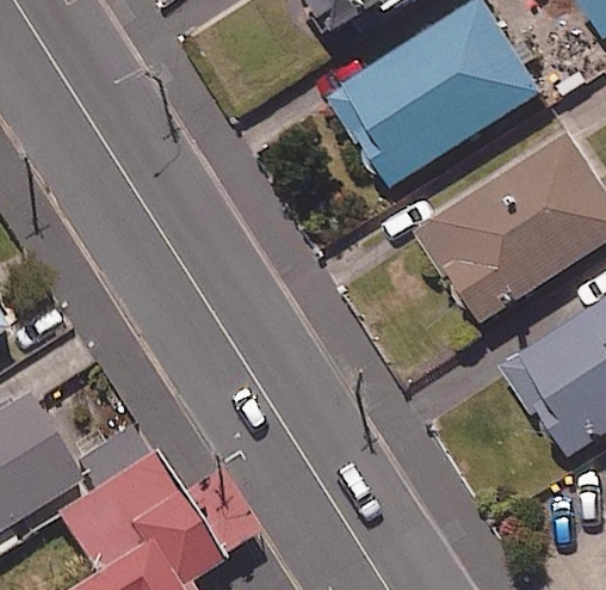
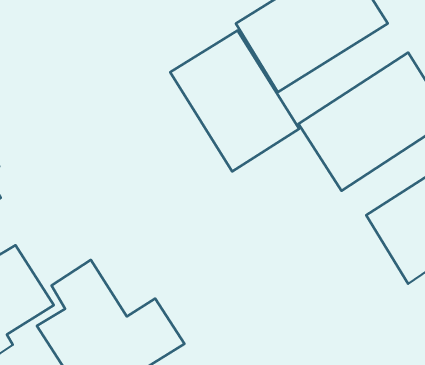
building: none -> [170,30,299,171]

